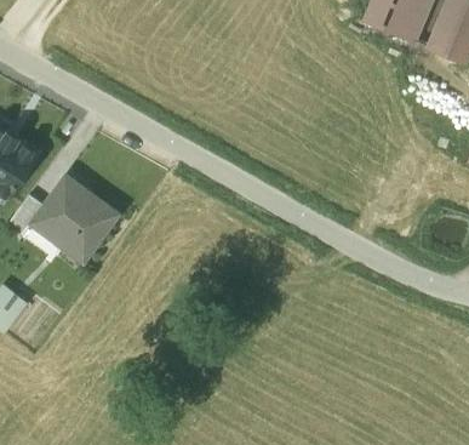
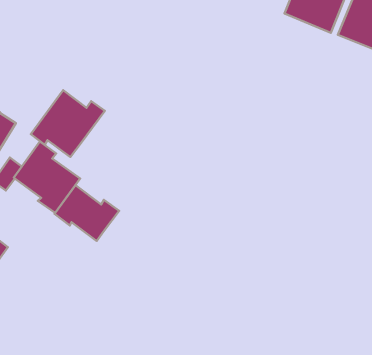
building: none -> [31,90,105,157]
building: none -> [54,185,119,241]

